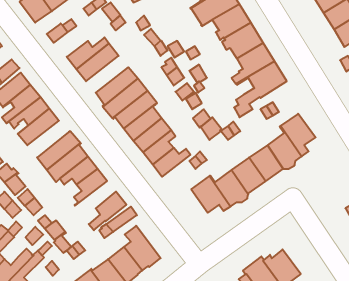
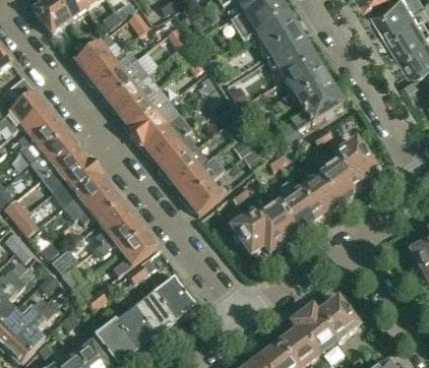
building: none -> [75,34,113,73]
building: none -> [109,72,158,115]
building: none -> [41,147,88,190]
building: none -> [96,218,143,254]

